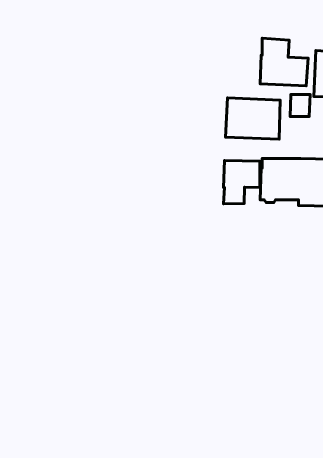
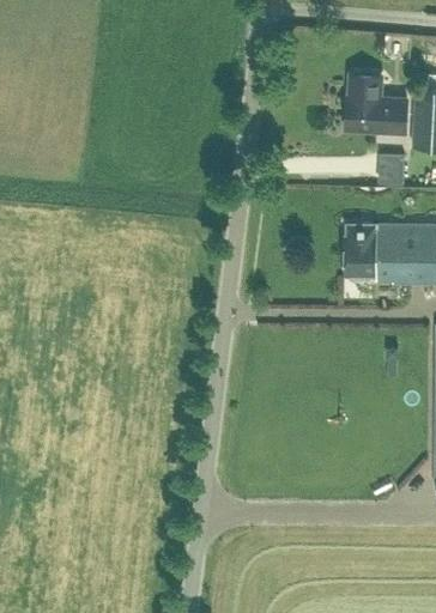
building: [226,98,280,139] -> none
building: [223,161,260,204] -> none

